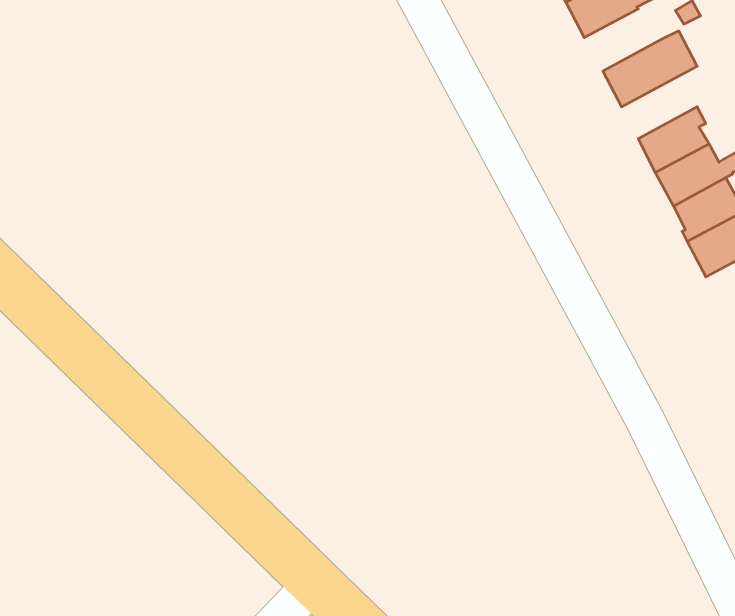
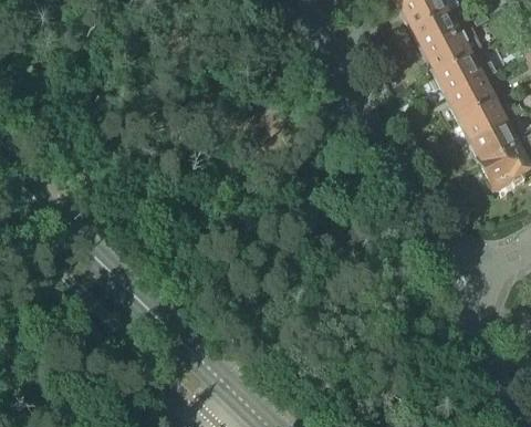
building: none -> [414,14,465,55]
building: none -> [438,52,498,100]

